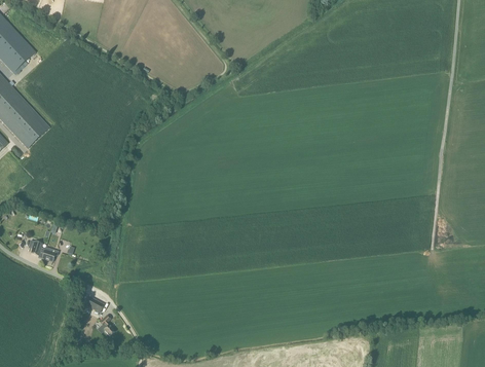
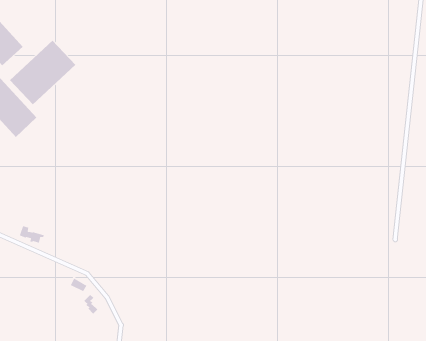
building: none -> [9,40,76,105]

